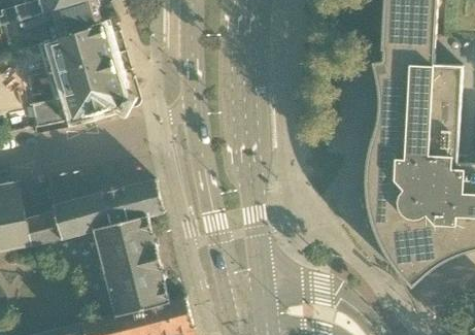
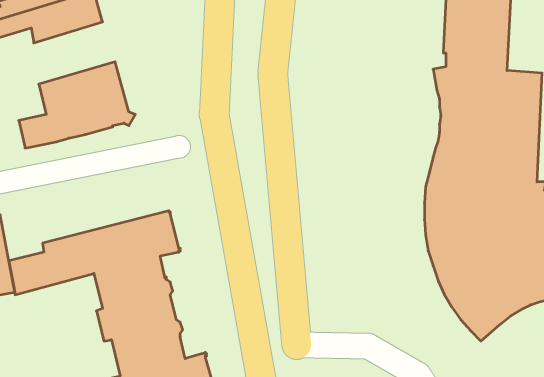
building: [39,23,111,74] -> none

